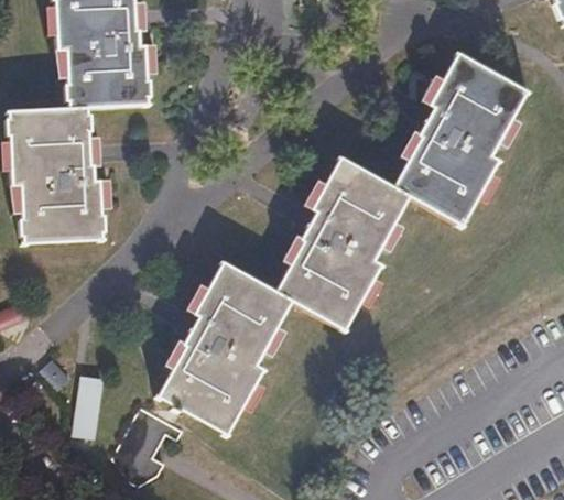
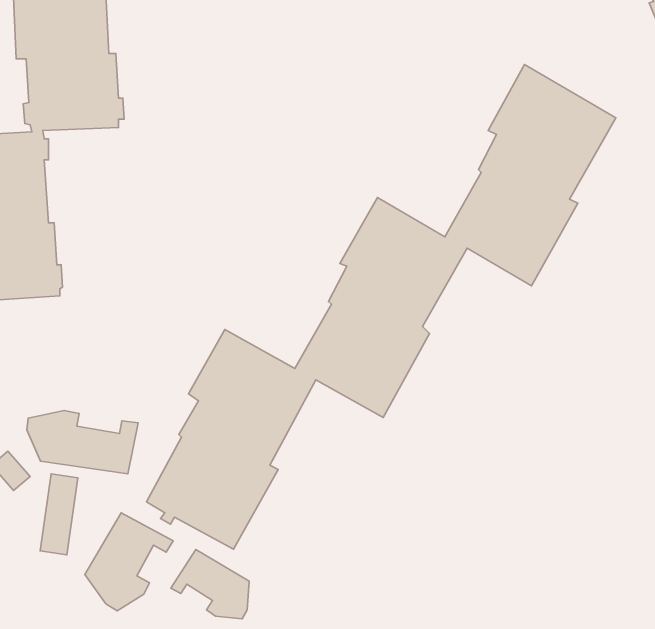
building: none -> [27,411,138,474]
building: none -> [171,550,249,619]

